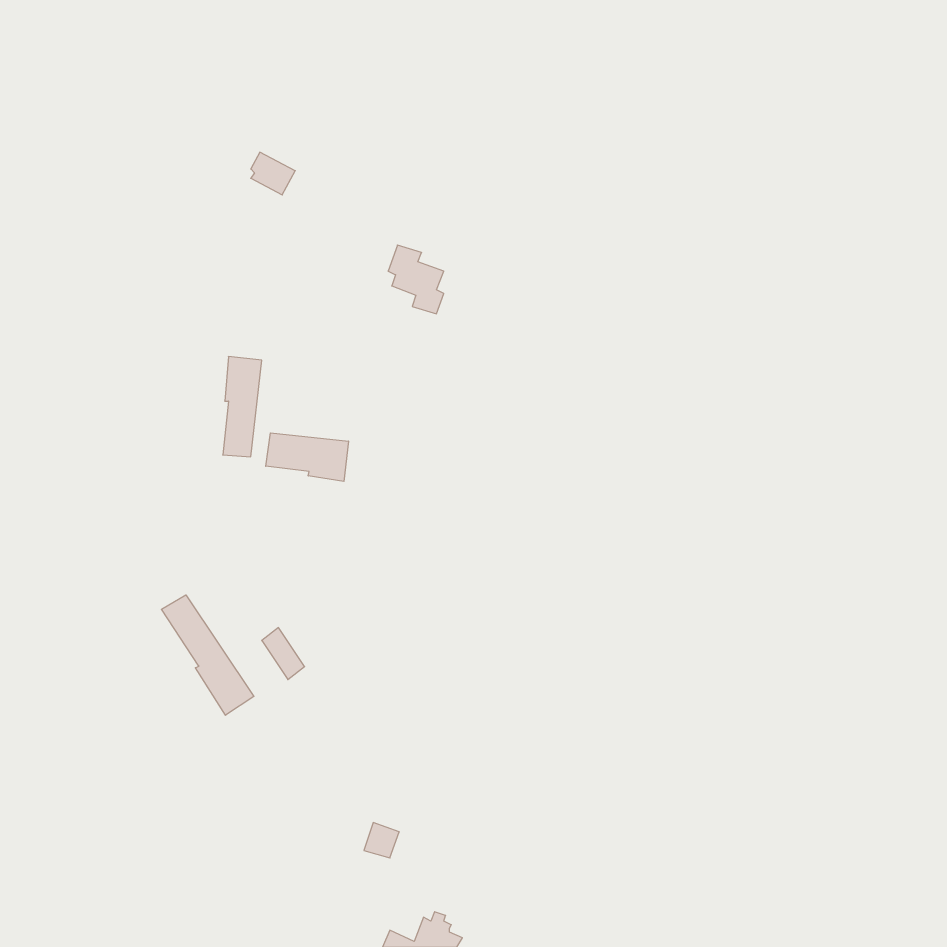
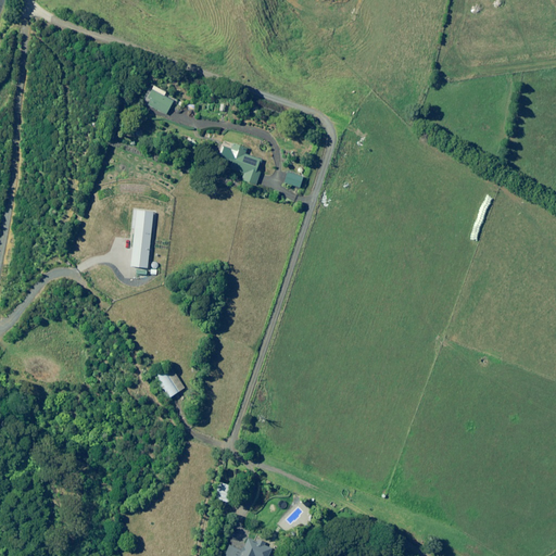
building: [266,433,348,481] -> none
building: [161,595,254,715] -> none

